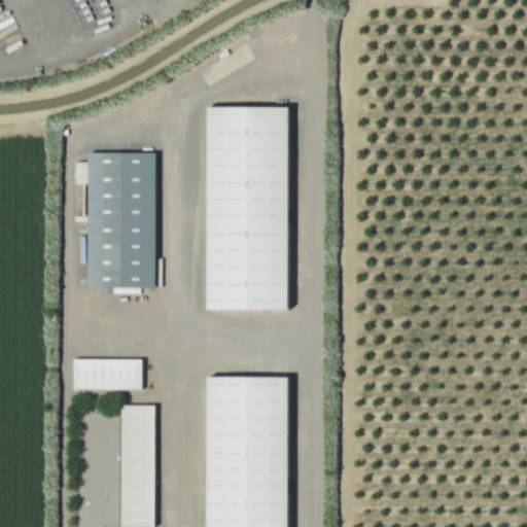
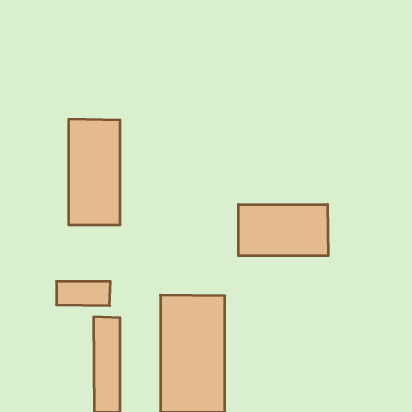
building: [207,107,289,310] -> none
building: none -> [238,204,328,256]

